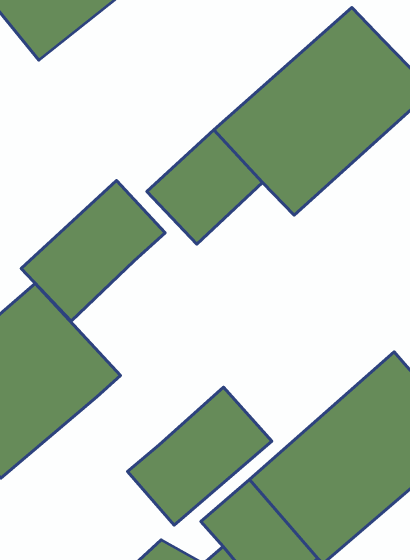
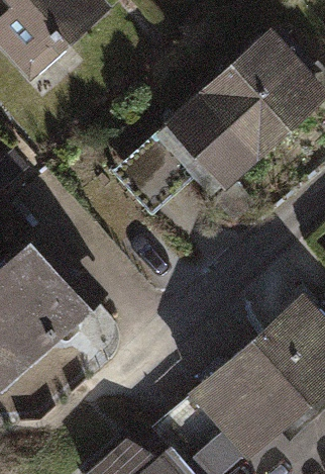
building: [21,180,165,321] -> none
building: [128,387,272,525] -> none

